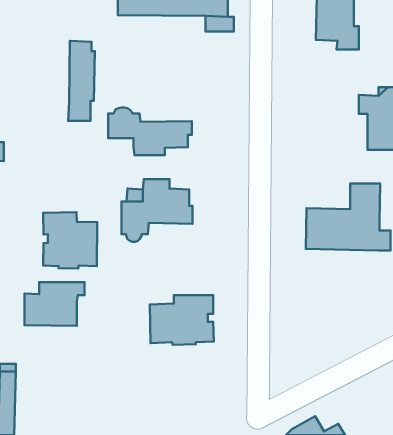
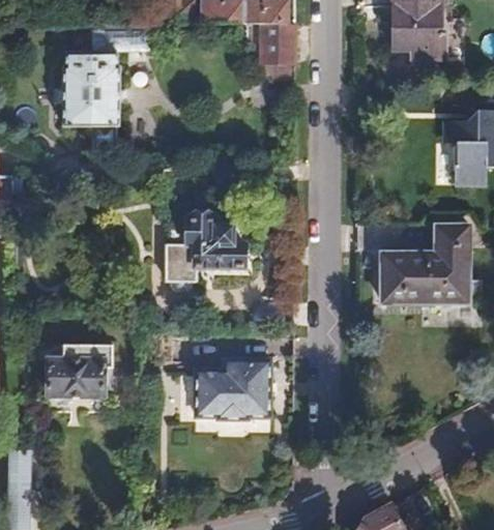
building: none -> [258,41,292,66]
building: none -> [63,52,94,126]
building: [108,108,192,155] -> none
building: [43,212,97,269] -> none

